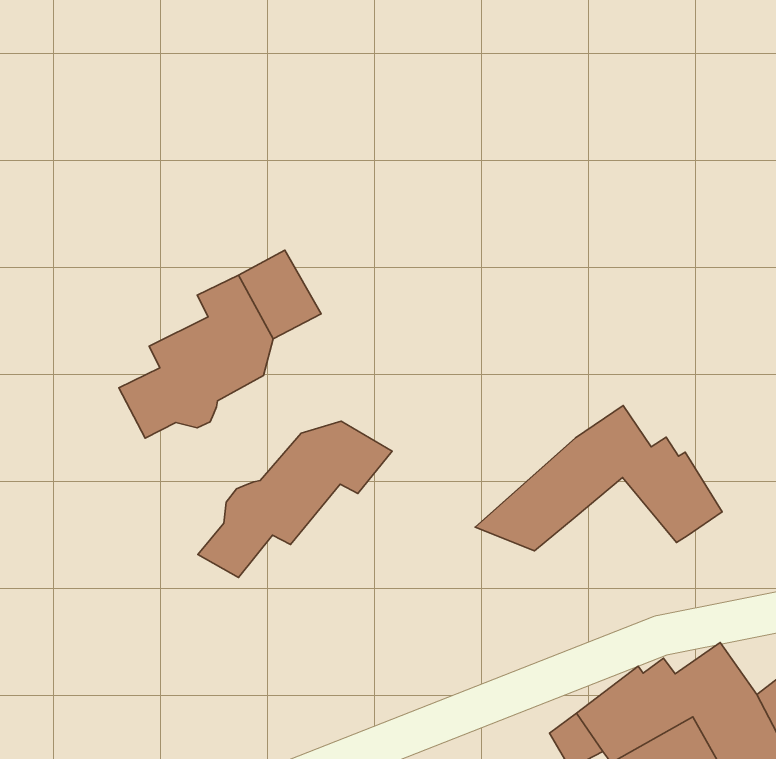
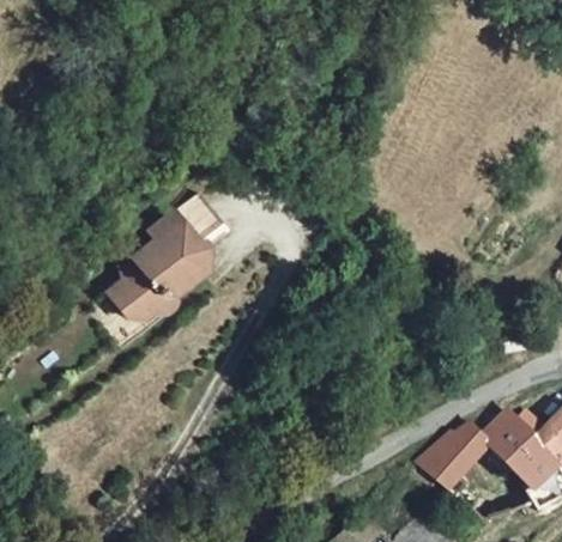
building: [475,406,722,551] -> none
building: [198,421,392,577] -> none

